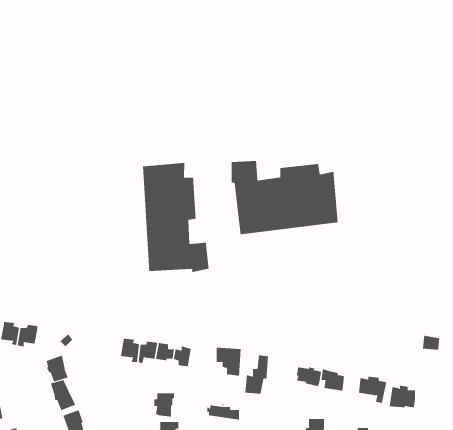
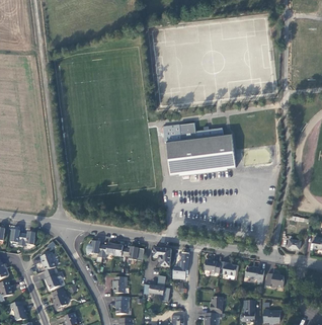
building: [142,162,209,273] -> none

